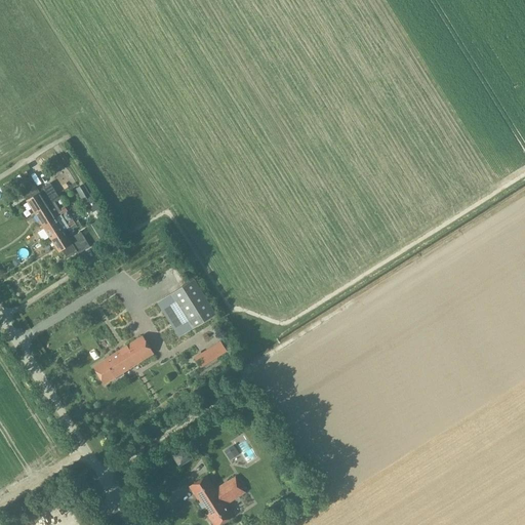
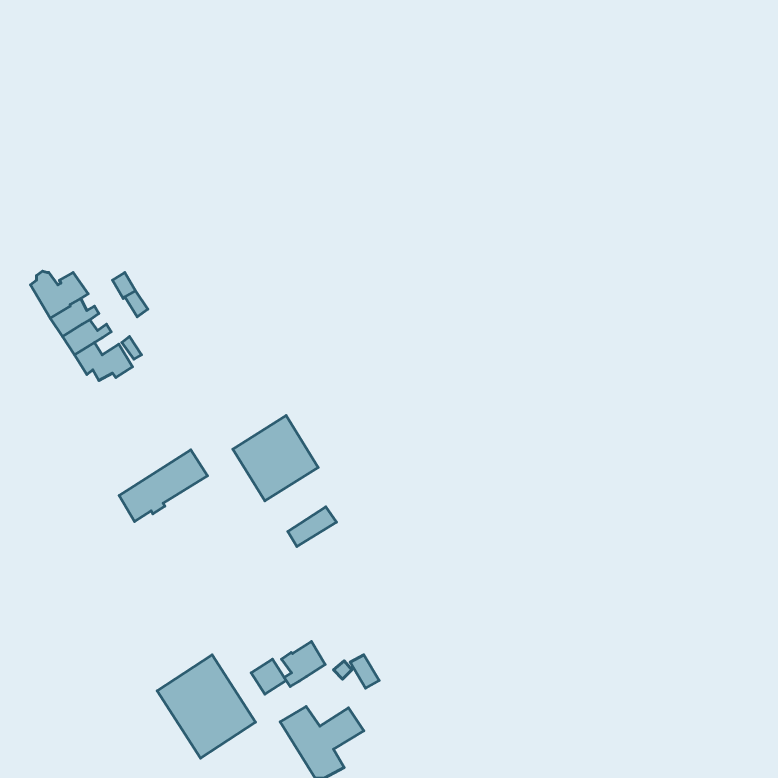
building: [93,336,153,385] -> [119,450,207,521]
building: none -> [281,641,325,687]
building: none -> [157,655,256,758]

